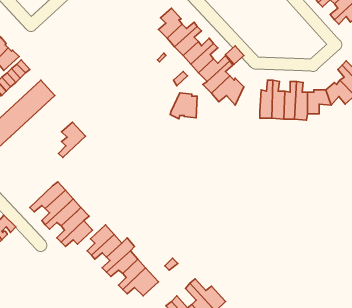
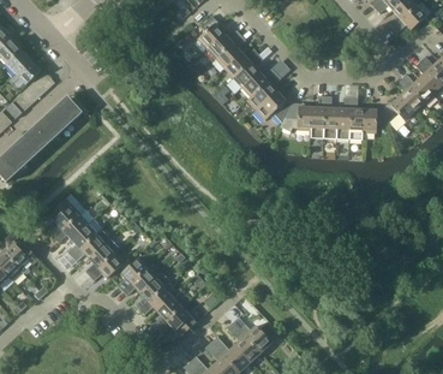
building: [170,93,197,119] -> [280,103,310,132]
building: [58,122,85,158] -> [48,198,78,238]

